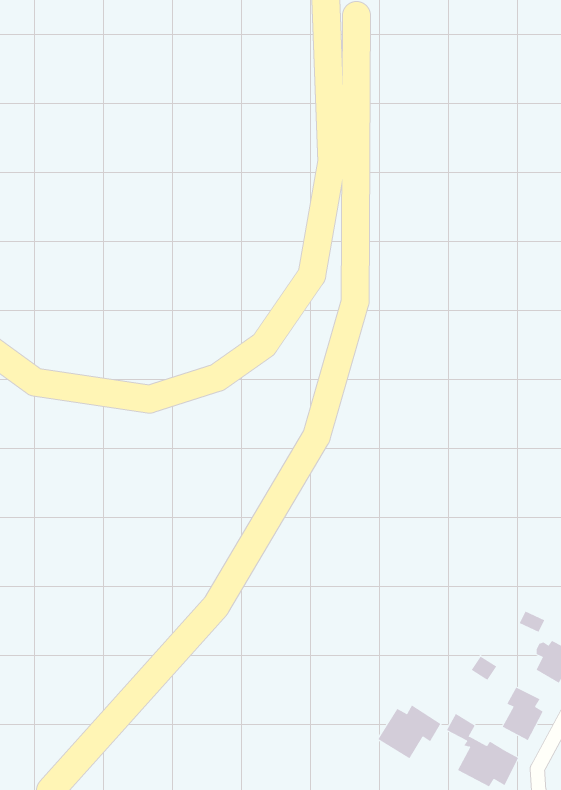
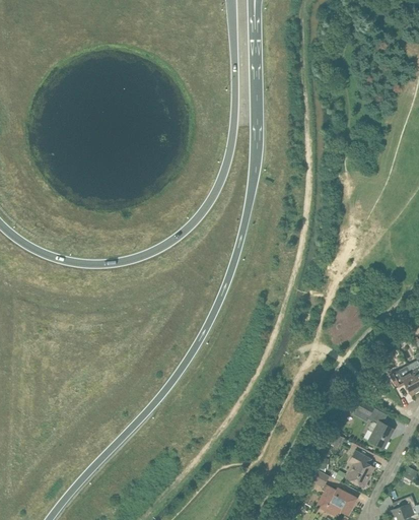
building: [378,705,441,759] -> none

